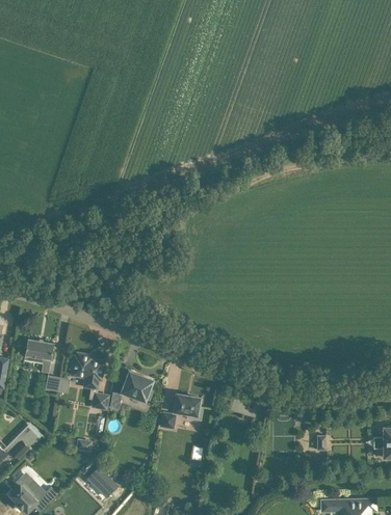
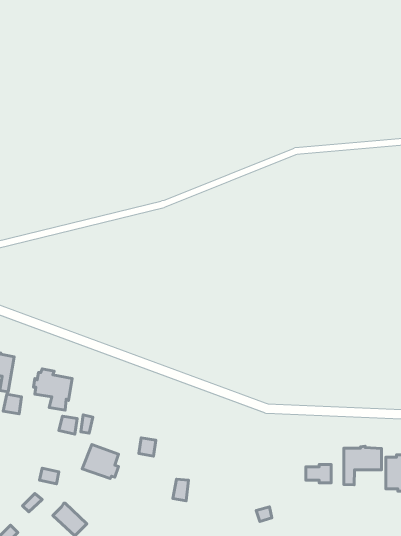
building: [121,372,152,401] -> [82,445,119,479]
building: [174,395,203,421] -> none
building: none -> [344,446,382,485]

